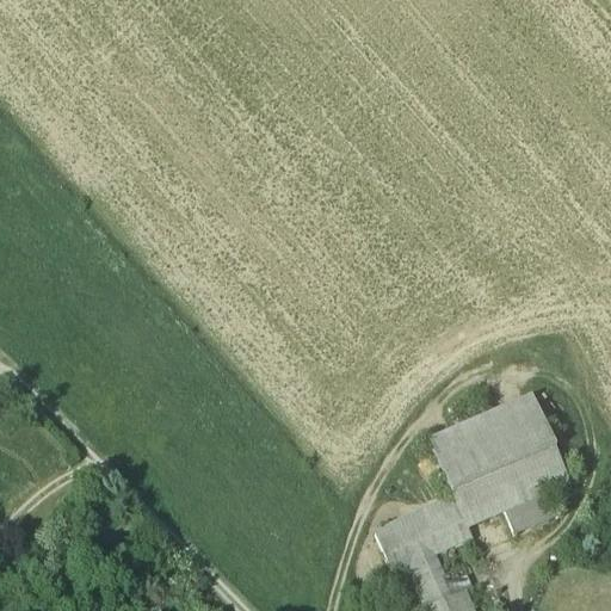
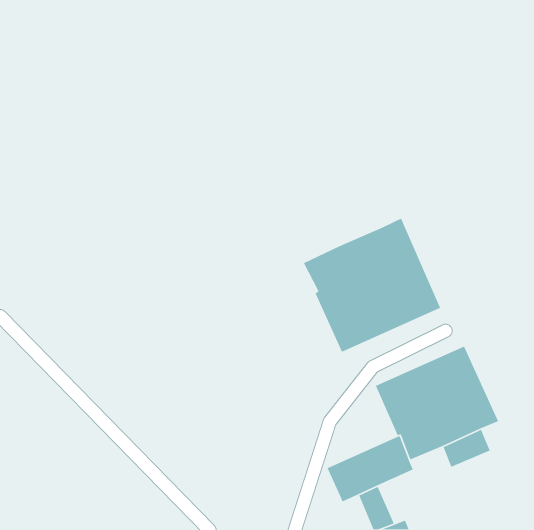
building: none -> [303,217,441,353]

